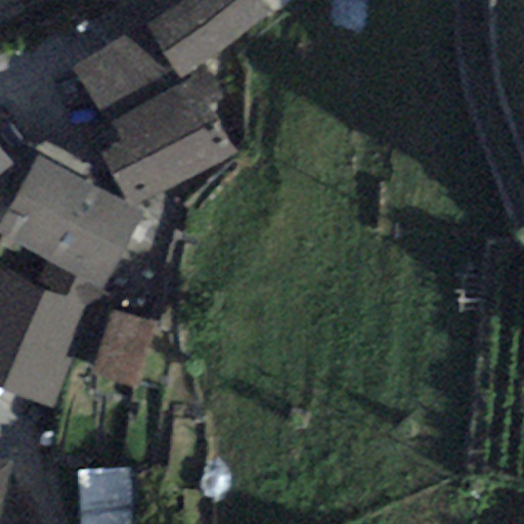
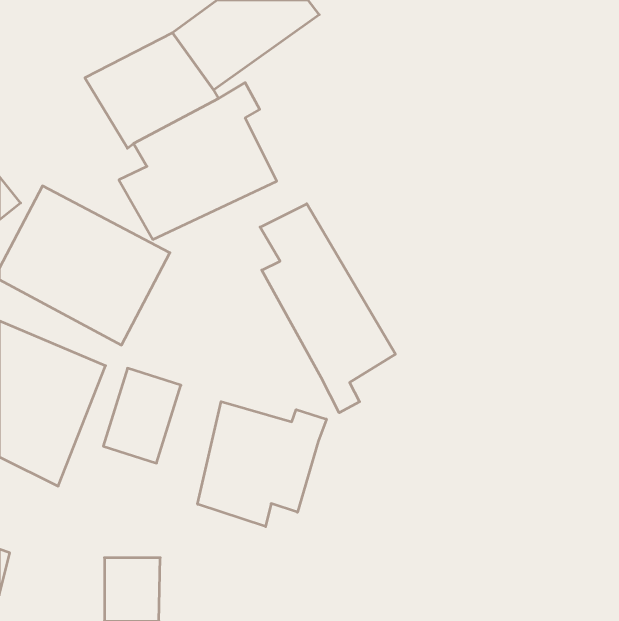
building: none -> [260,204,395,413]
building: none -> [198,402,326,527]

